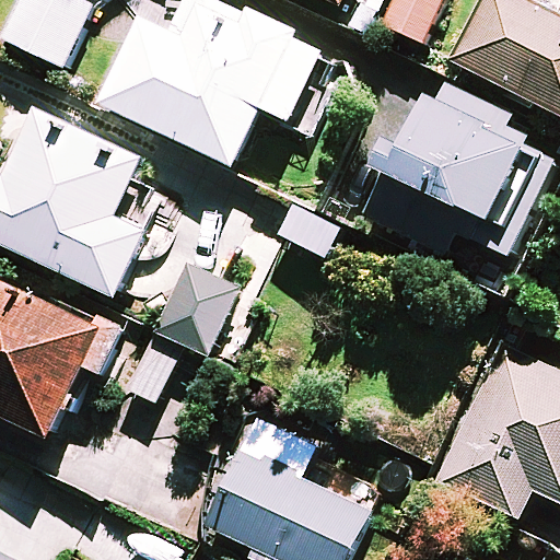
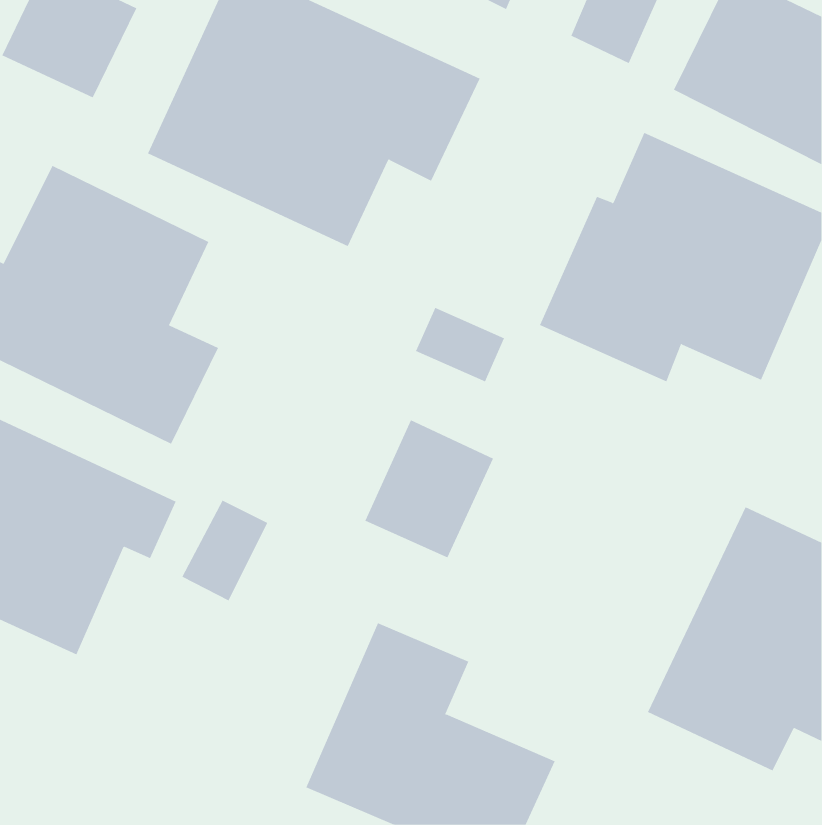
building: [151,261,237,354] -> [365,419,494,558]

